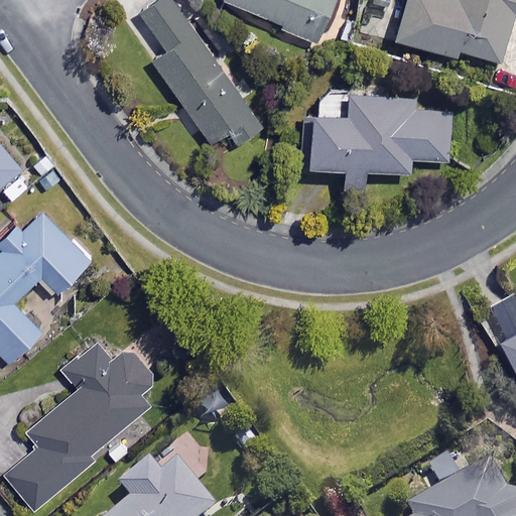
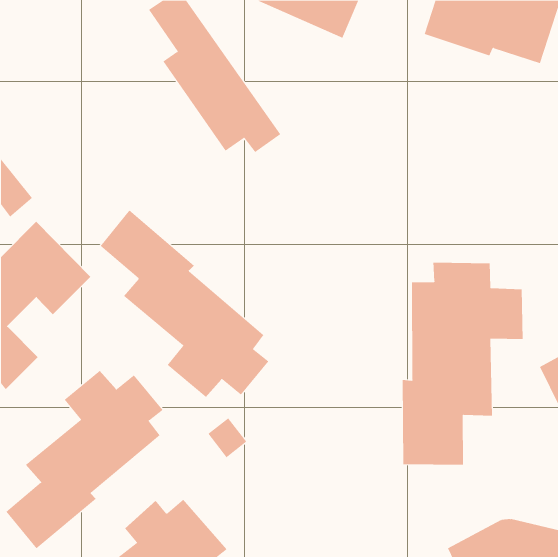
building: [302,95,454,171] -> none
building: none -> [100,210,269,398]
building: none -> [402,262,523,465]

